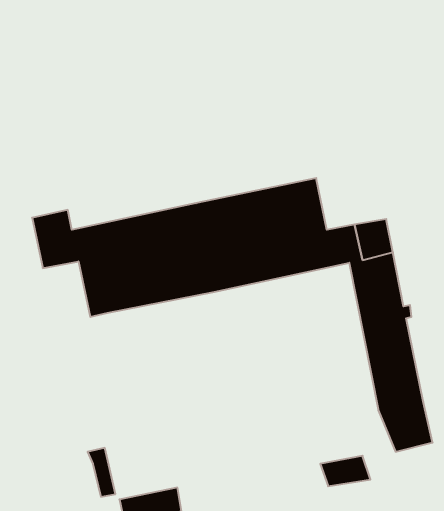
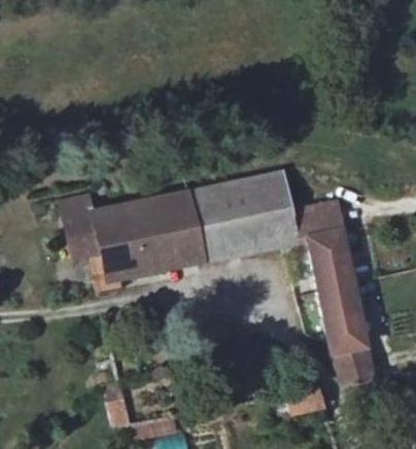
building: none -> [70,236,124,292]

